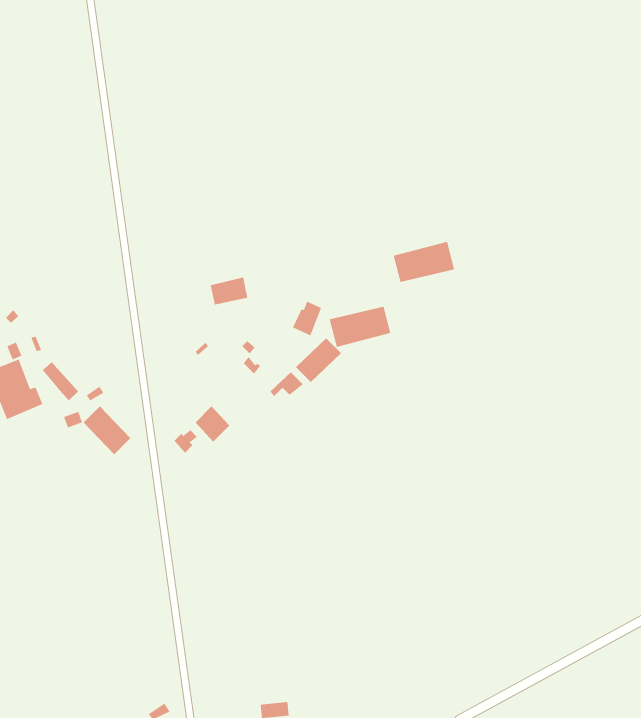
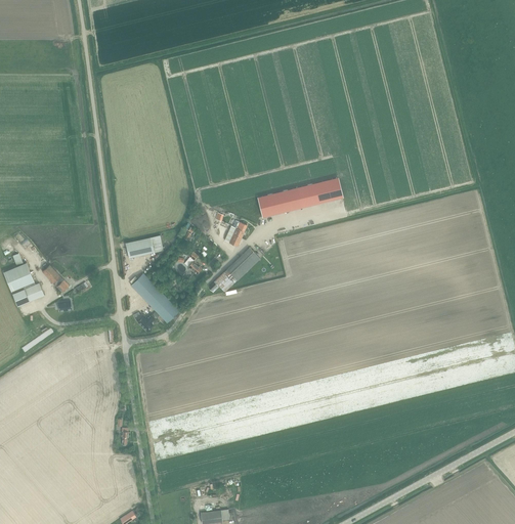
building: [210,277,248,305] -> [125,238,153,259]
building: [329,306,391,347] -> [257,188,302,218]
building: [83,406,131,455] -> [131,273,166,309]

